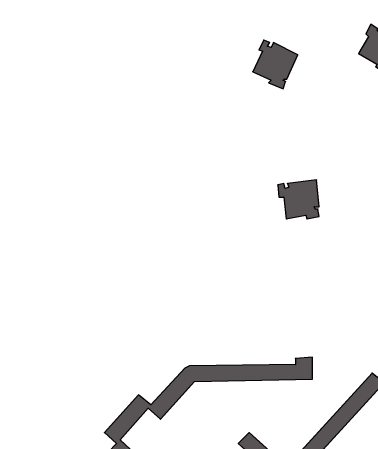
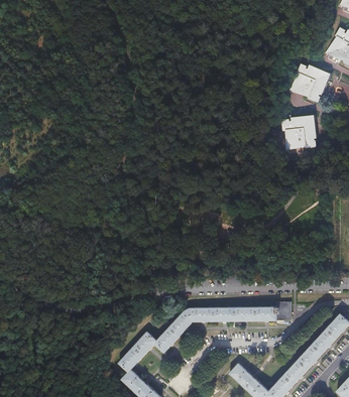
building: [253,40,298,89] -> [293,59,330,100]
building: [278,180,319,219] -> [281,116,316,148]

